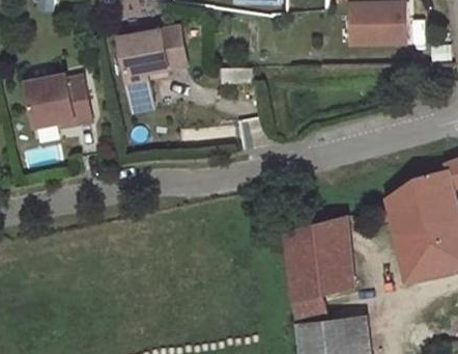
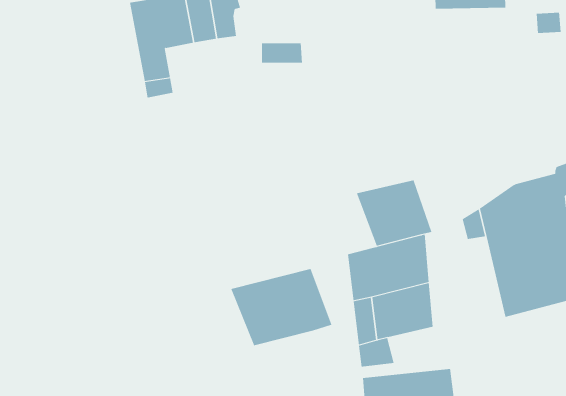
building: [24,75,90,127] -> none
building: none -> [356,179,432,247]
building: none -> [231,268,332,346]

